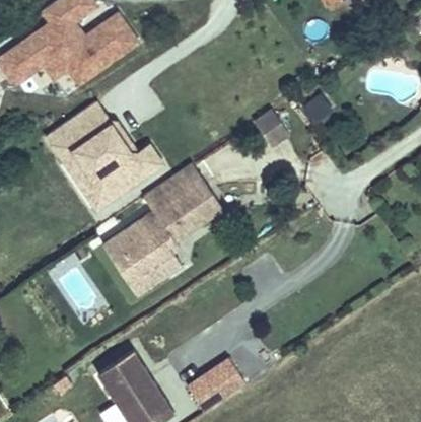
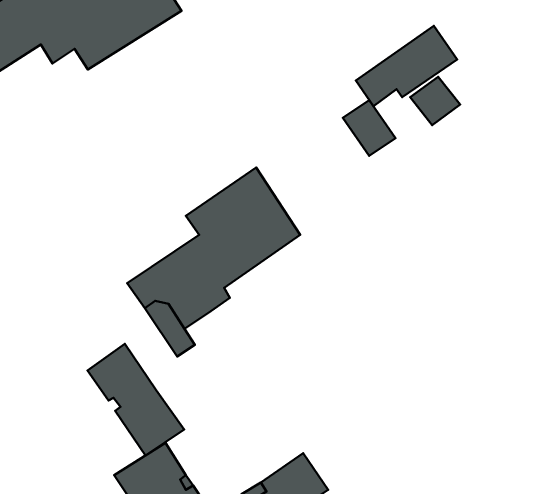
building: none -> [356,26,457,106]
building: [41,100,166,227] -> none
building: none -> [88,344,184,455]

